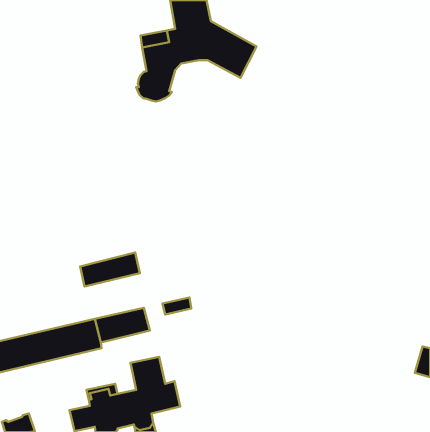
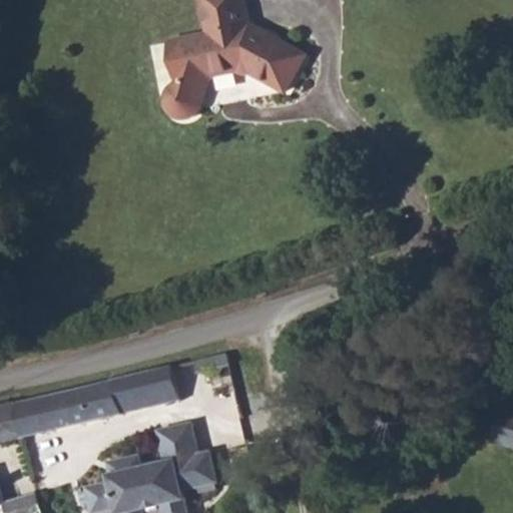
building: [80,253,140,286] -> none

